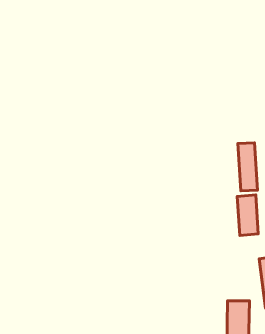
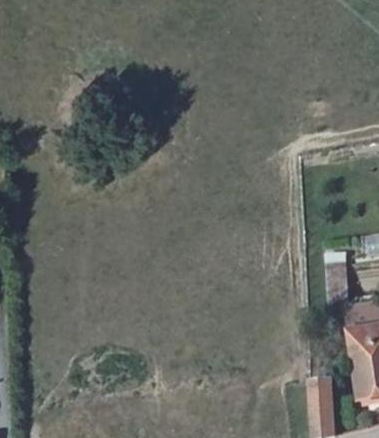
building: [238,143,258,191] -> none

